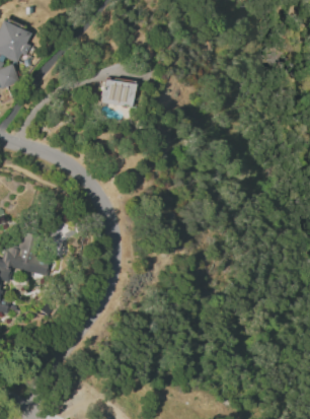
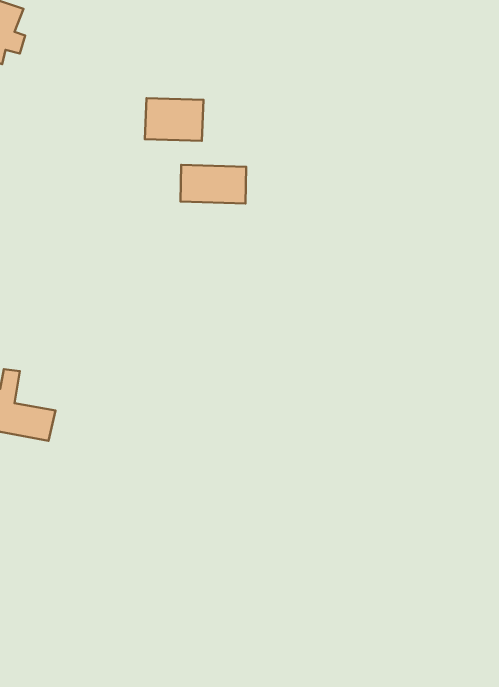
building: none -> [181,165,246,204]

